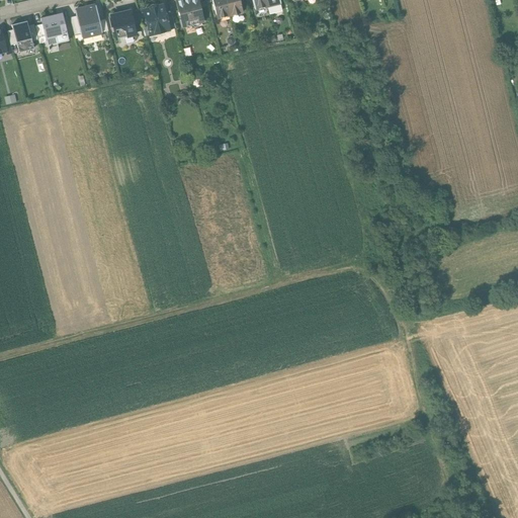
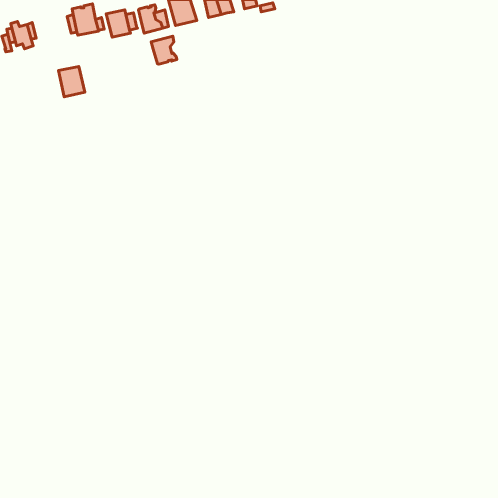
building: [41,13,69,45] -> [58,67,85,97]
building: none -> [151,36,177,64]

